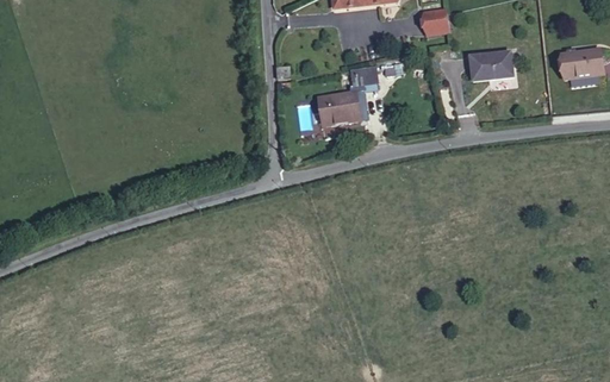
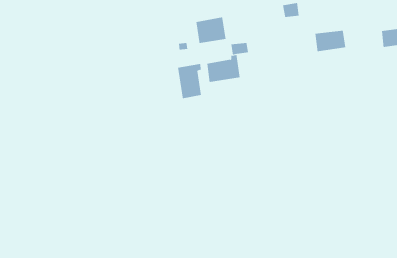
building: none -> [196,17,226,44]
building: none -> [177,63,202,99]

